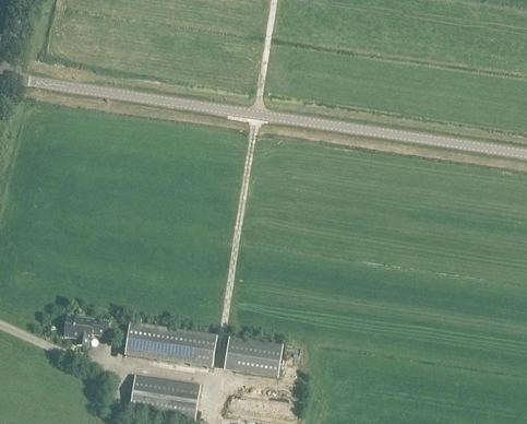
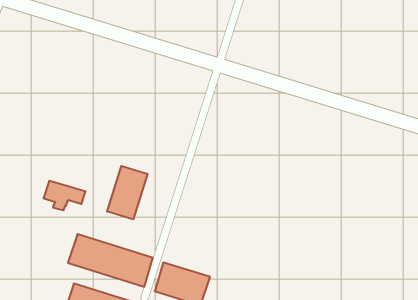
building: none -> [107,166,147,219]
building: [63,315,108,344] -> [43,181,86,210]

